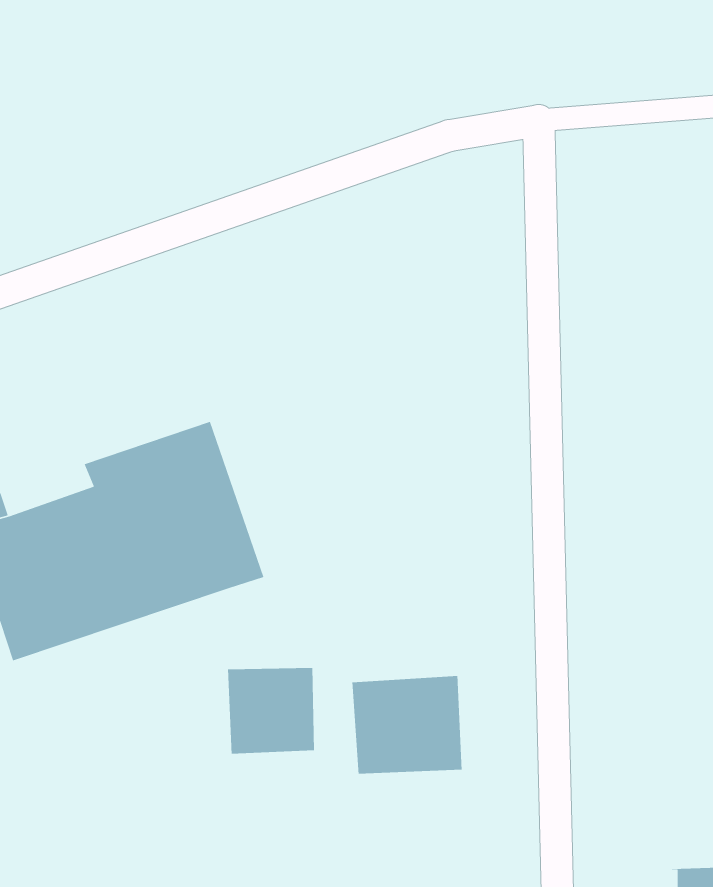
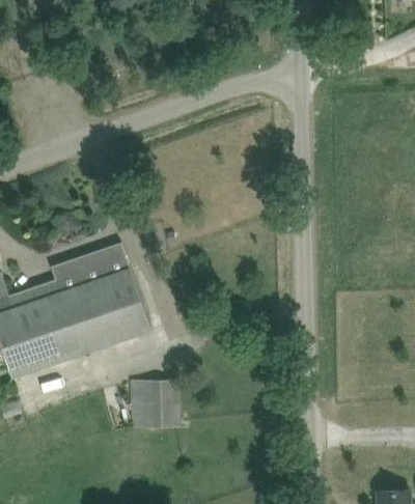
building: [351,675,462,775] -> none

